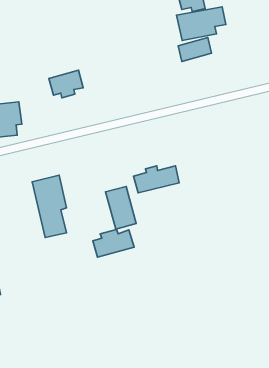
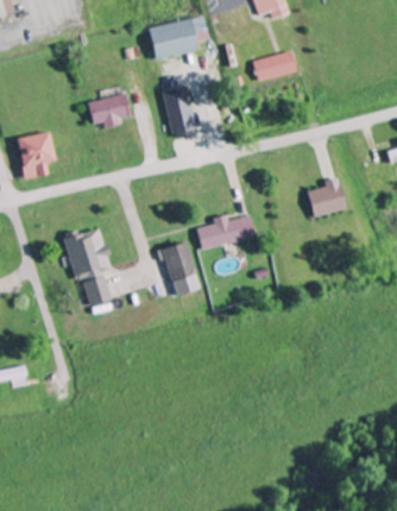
building: [177,7,226,40] -> [149,17,212,59]
building: none -> [163,87,197,138]
building: none -> [307,177,346,217]
building: [93,229,134,257] -> none

